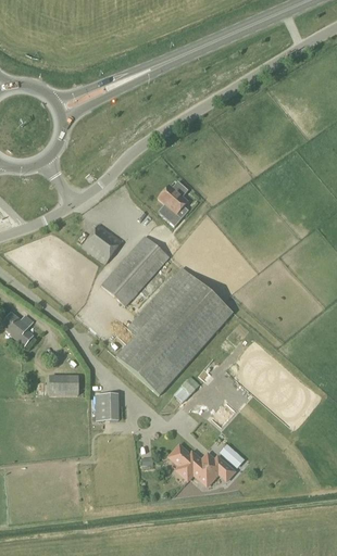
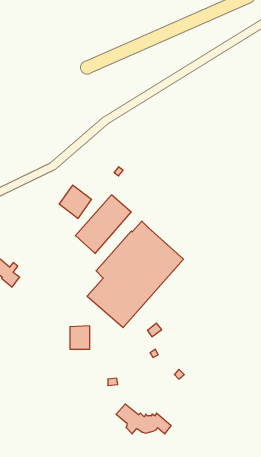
building: [159,180,188,225] -> none
building: [49,374,79,394] -> none
building: [169,444,235,480] -> [116,404,171,434]

